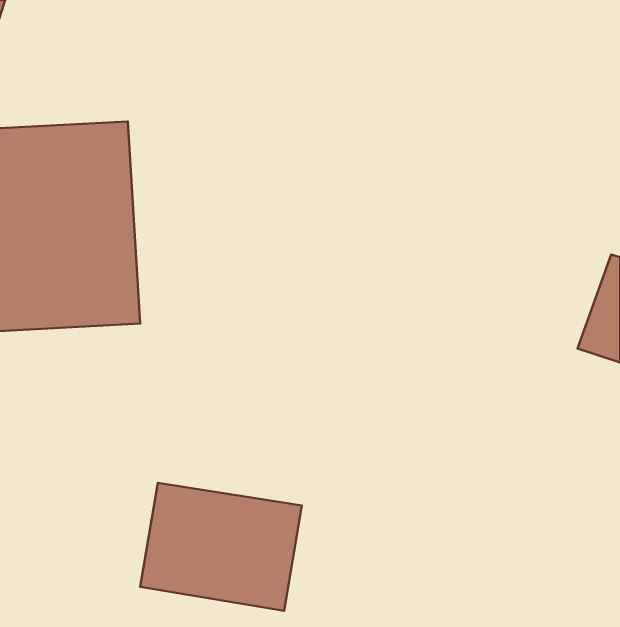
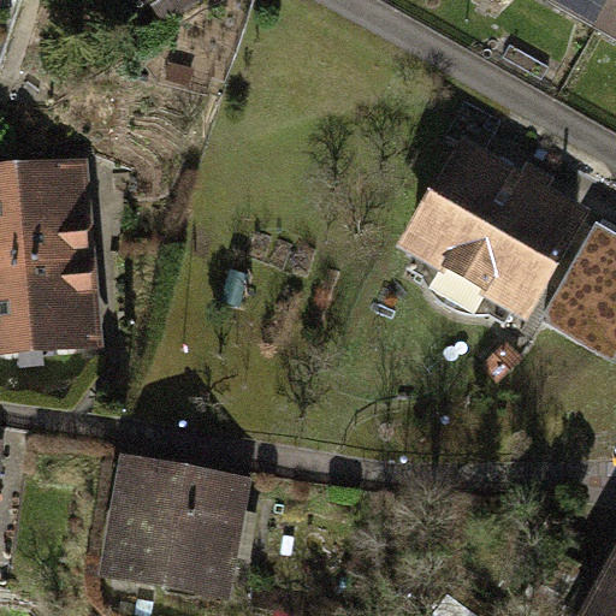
building: none -> [375,152,559,328]

